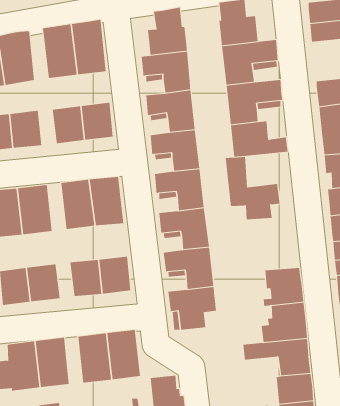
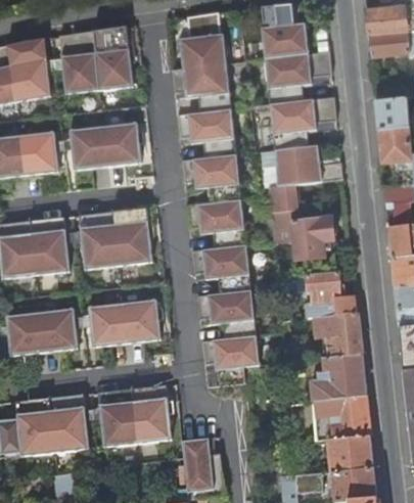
building: none -> [279,271,357,318]

